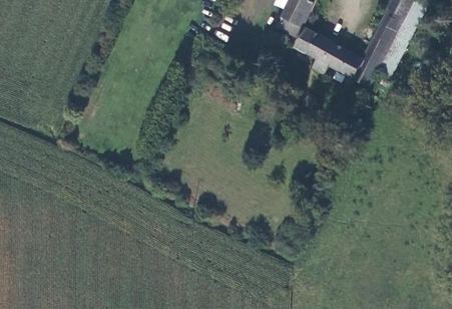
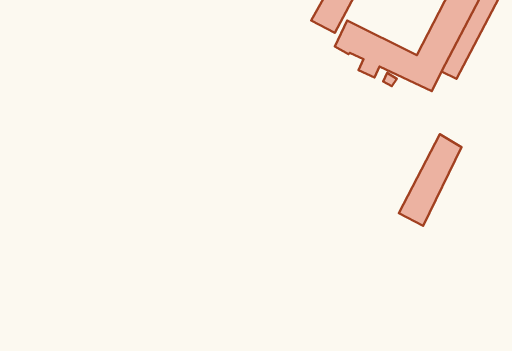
building: none -> [399,134,461,226]

